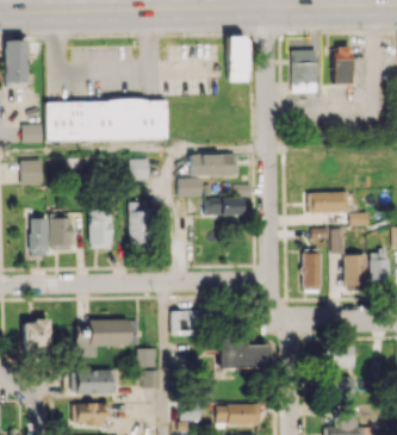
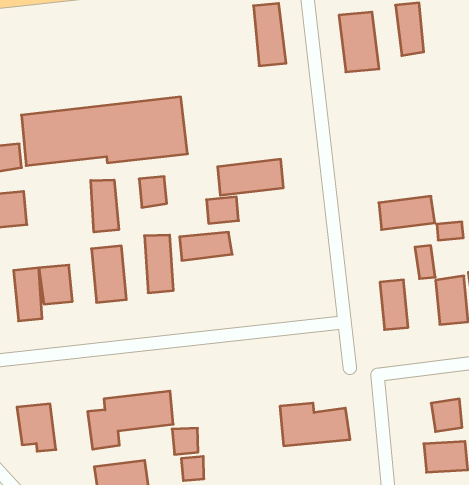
building: none -> [91,180,119,232]
building: [205,198,243,216] -> [180,232,232,260]
building: [170,310,199,336] -> none

